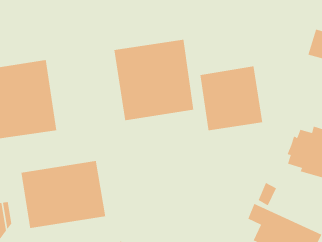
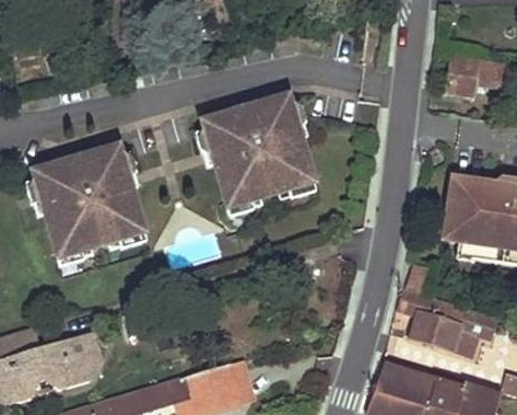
building: [200,65,263,131] -> none
building: [21,160,106,229] -> none

